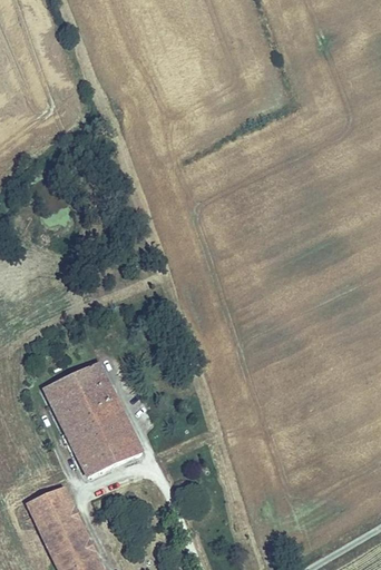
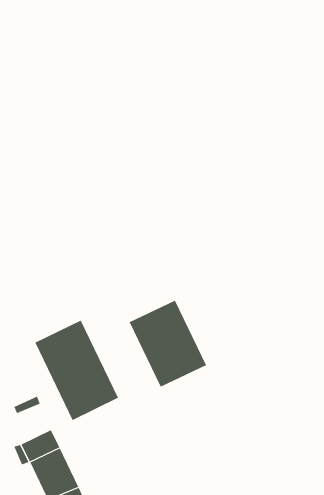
building: none -> [129,300,207,387]

